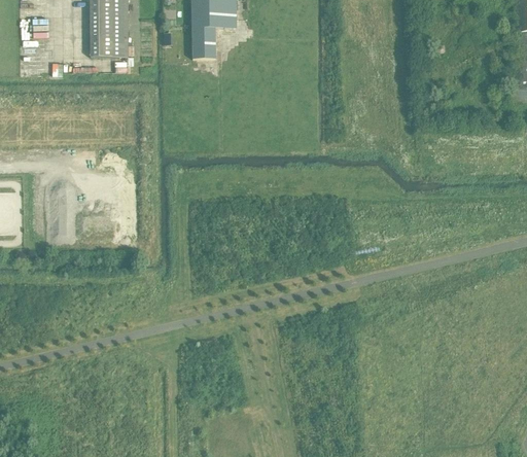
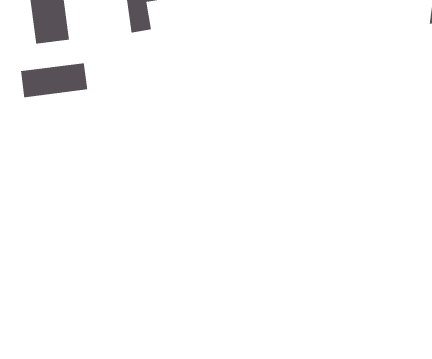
building: none -> [20,63,88,98]

